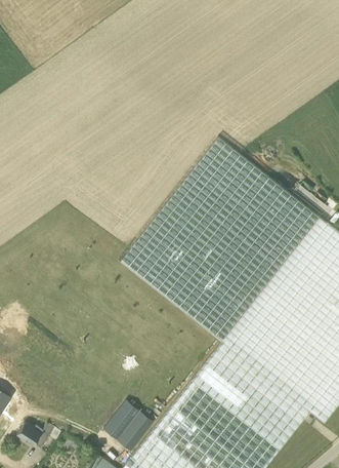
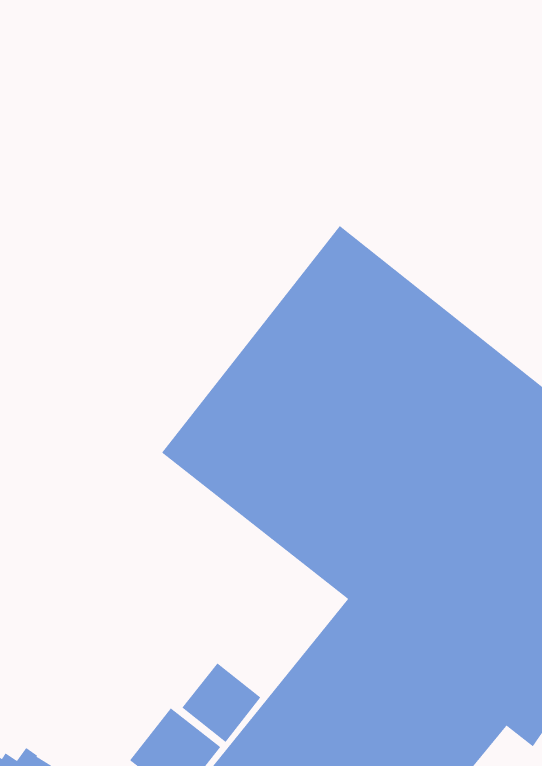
building: none -> [182,662,261,743]

